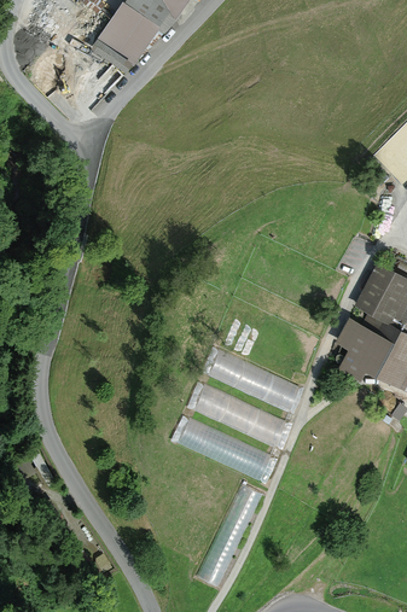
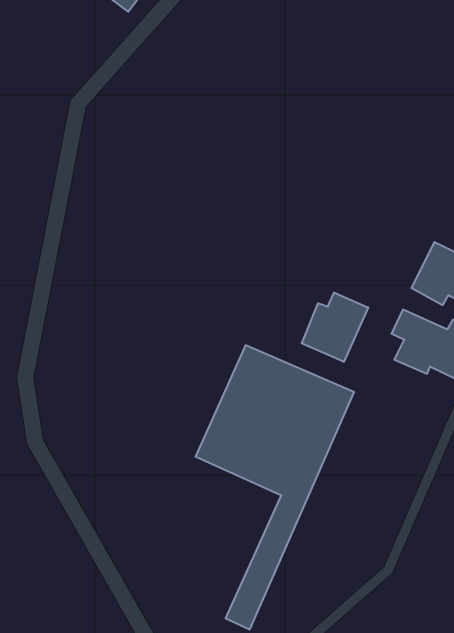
building: none -> [302,292,368,362]

